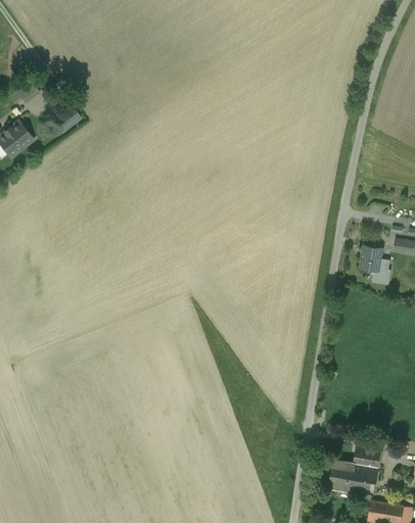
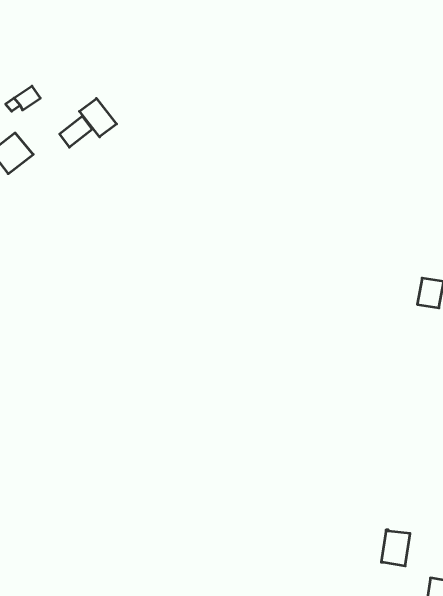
building: none -> [79,98,117,137]
building: [350,455,377,494] -> none

